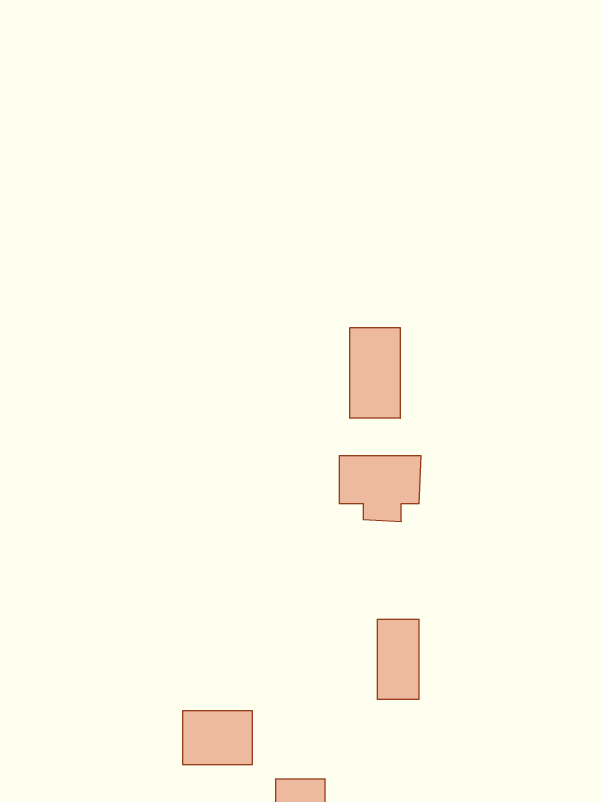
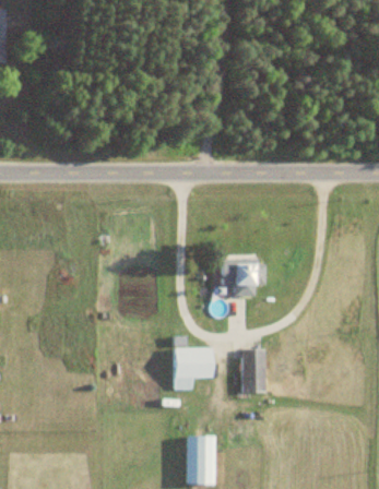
building: [350,328,400,418] -> none
building: [183,711,252,765] -> [174,348,212,378]

